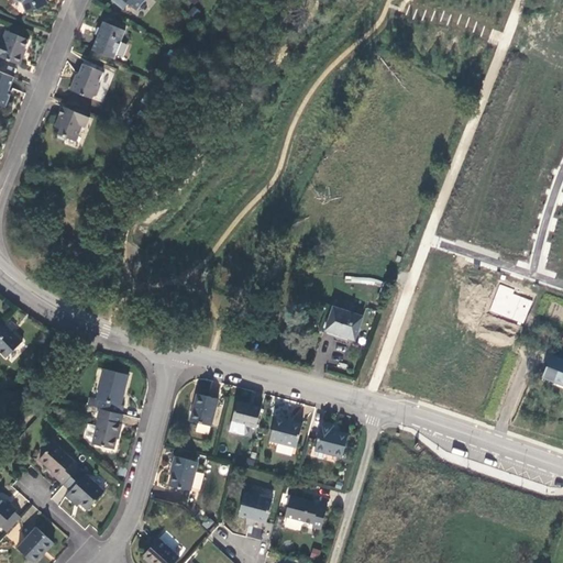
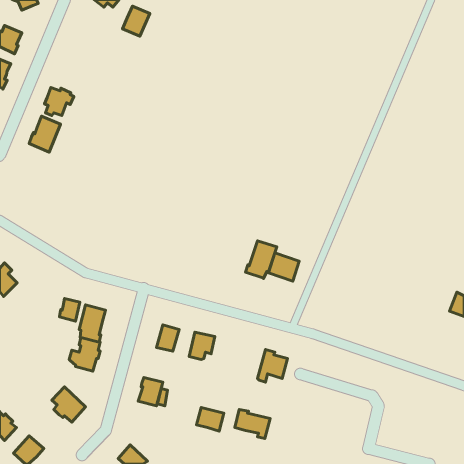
building: [91,22,124,58] -> [122,6,150,36]
building: [68,64,102,100] -> none
building: none -> [29,116,61,152]
building: [488,285,532,323] -> none
building: none -> [245,241,277,278]
building: none -> [59,298,80,321]
building: [268,418,301,446] -> none
building: [38,443,79,484] -> none

